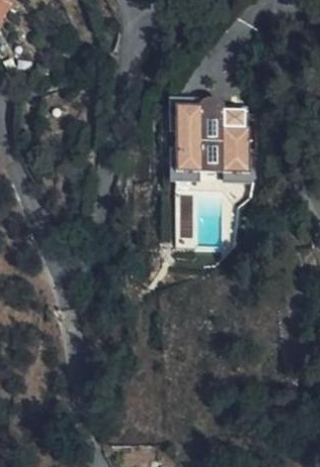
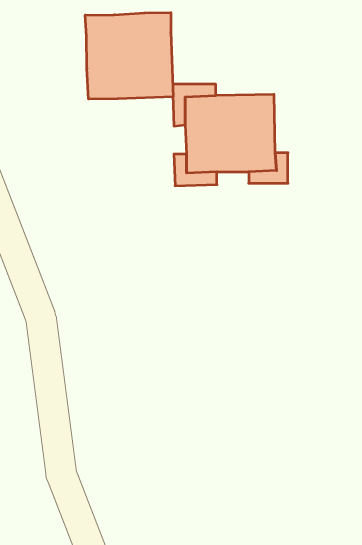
building: none -> [85,13,173,99]

